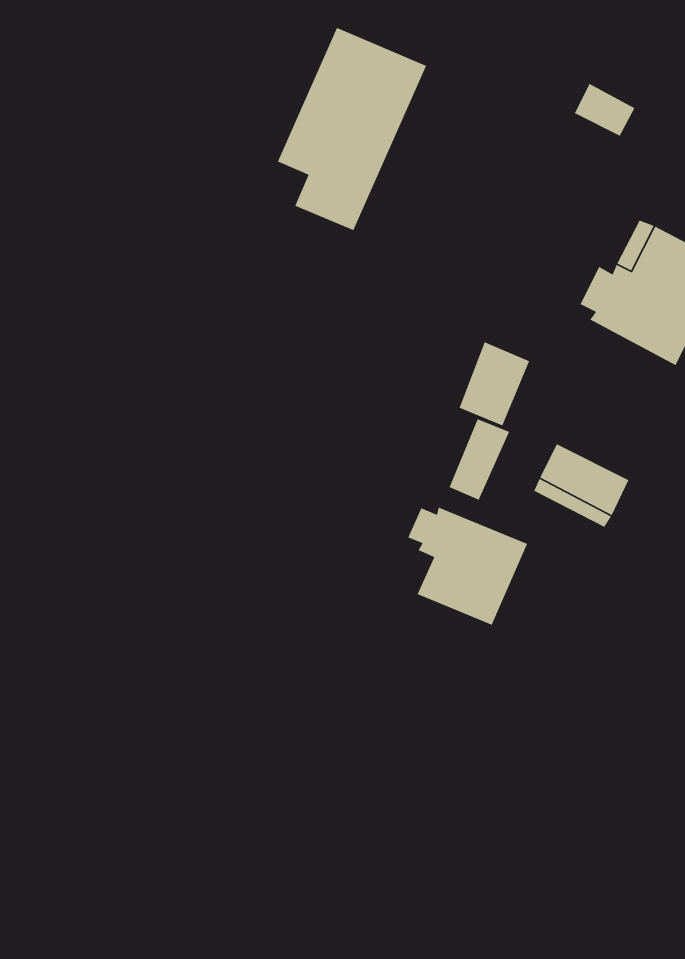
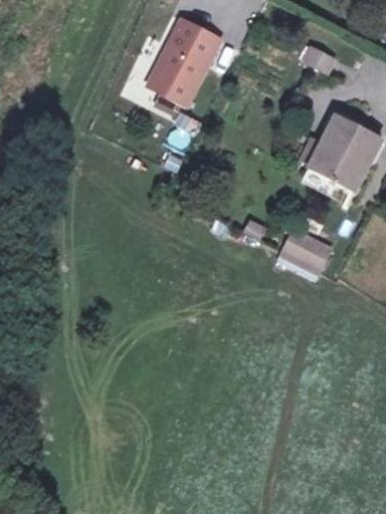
building: [458,341,530,427] -> none
building: [407,506,528,626] -> none

